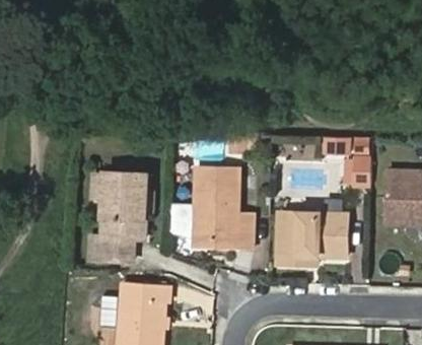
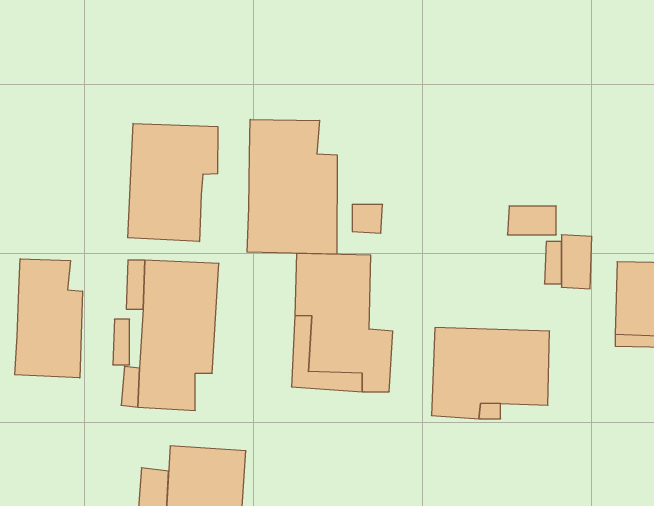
building: none -> [247,119,337,254]
building: none -> [128,123,218,242]
building: none -> [15,259,82,378]

